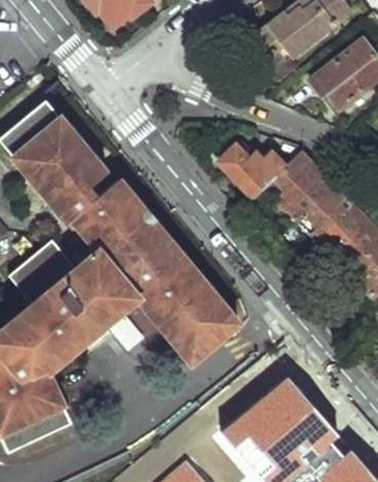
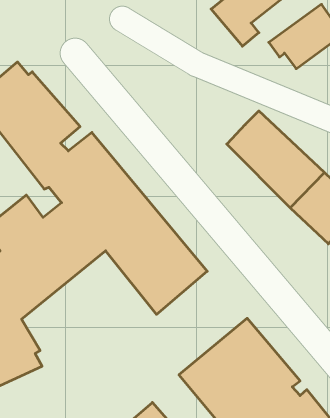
building: [216,144,285,199] -> none

